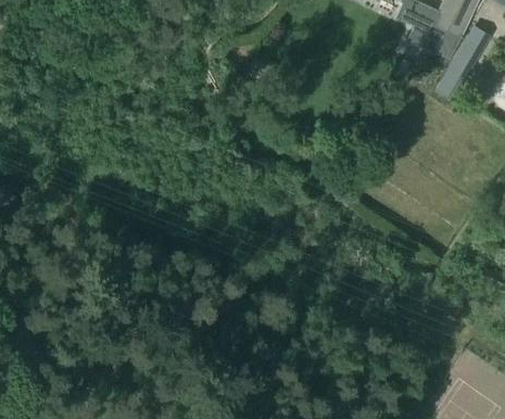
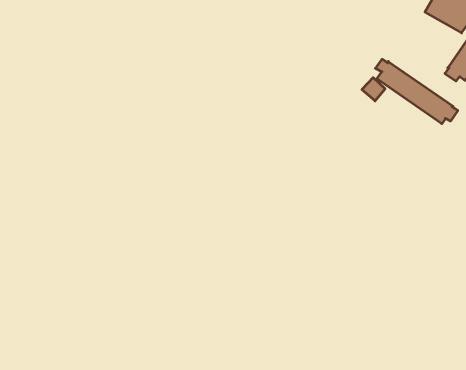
building: none -> [375,59,458,124]

